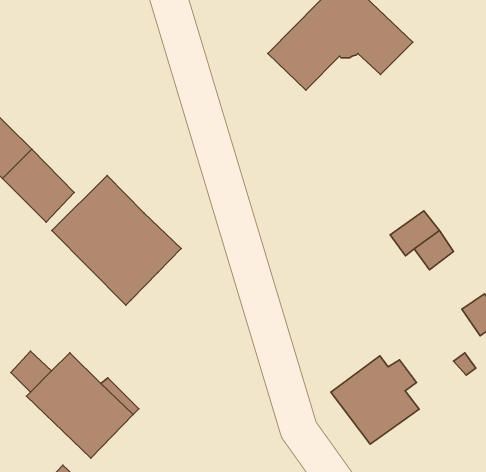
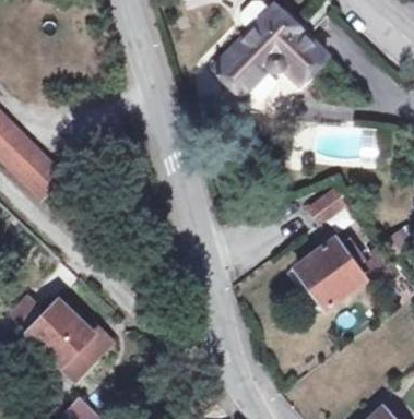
building: [52,175,181,305] -> none
building: [331,356,419,444] -> [296,239,365,308]

